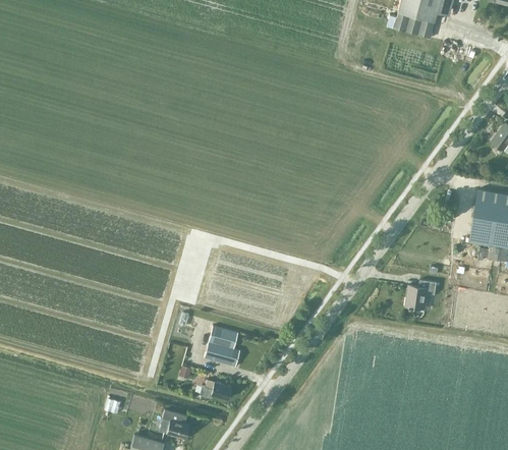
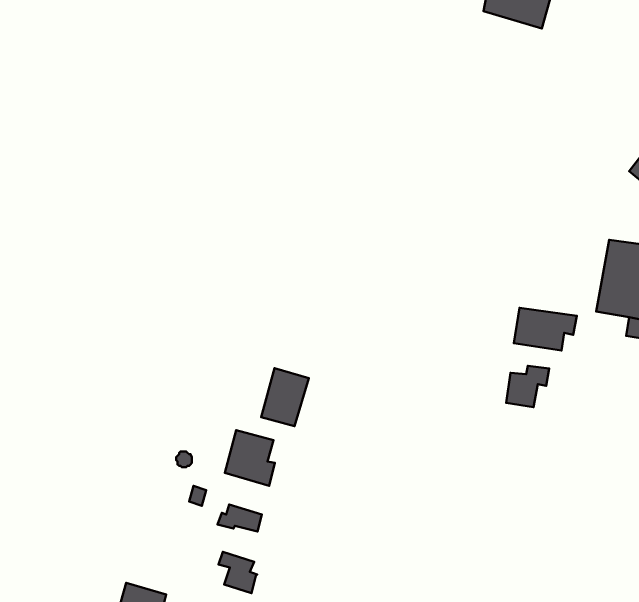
building: none -> [514,308,577,351]
building: none -> [261,368,309,426]
building: [161,409,188,439] -> [219,552,257,593]

